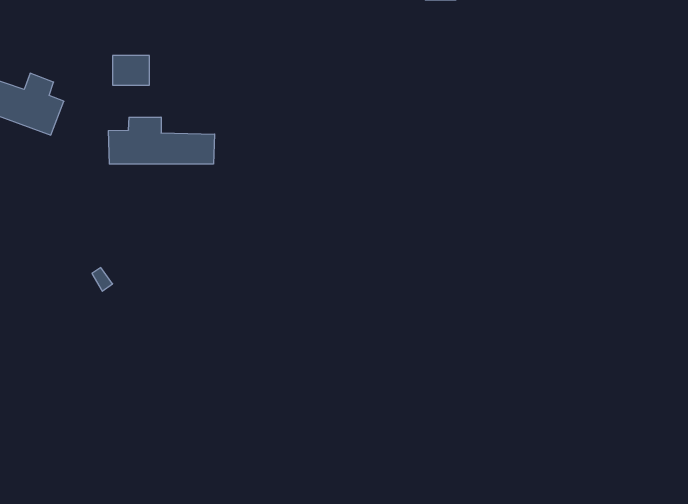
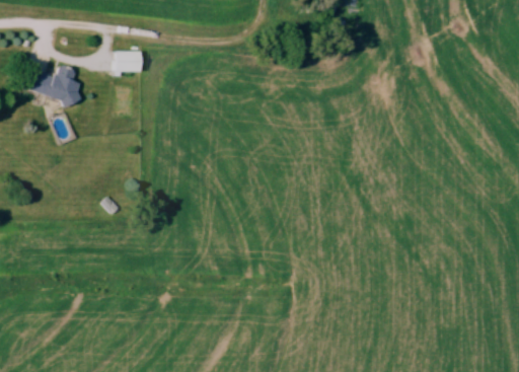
building: [108,117,215,164] -> none

